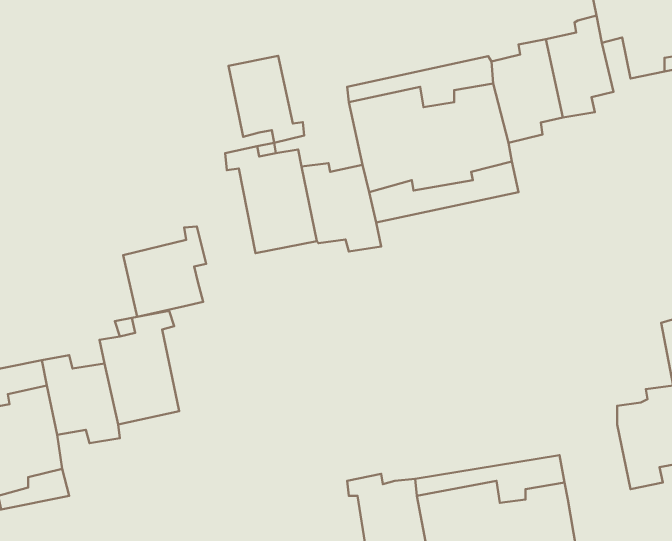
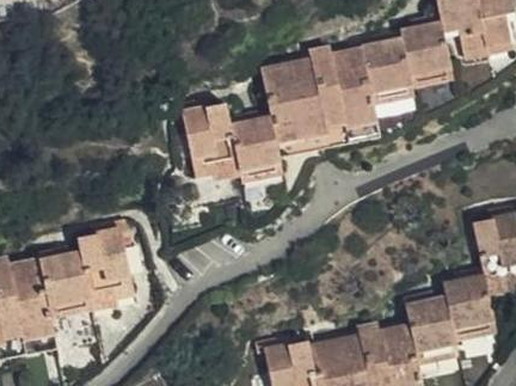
building: [229,56,304,143] -> none
building: [123,227,206,317] -> none
building: none -> [405,299,459,363]

